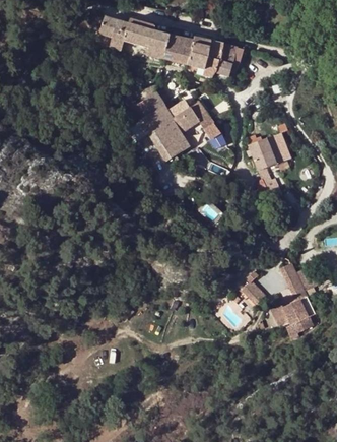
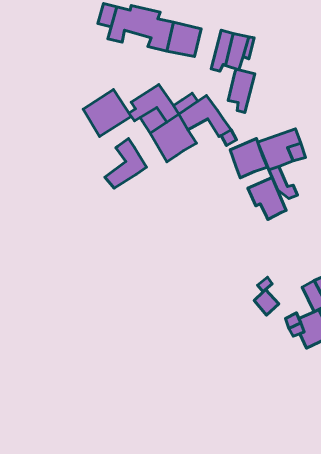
building: [188,37,212,76] -> [228,69,255,113]
building: none -> [83,90,131,137]
building: none -> [105,138,147,188]
building: none -> [230,139,267,178]
building: none -> [248,177,286,220]

